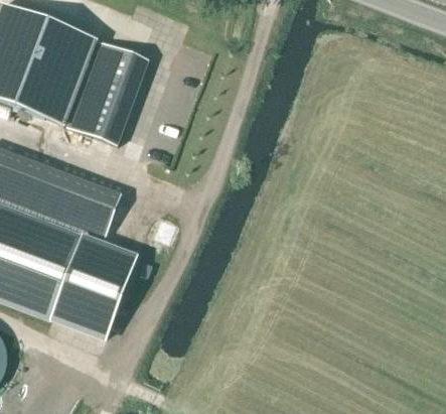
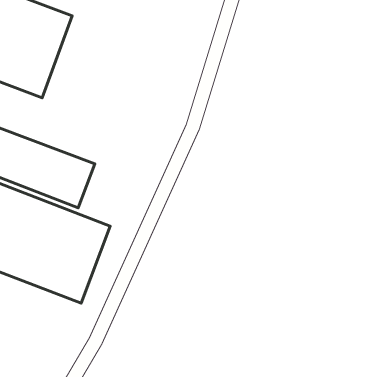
building: [66,39,148,143] -> none

